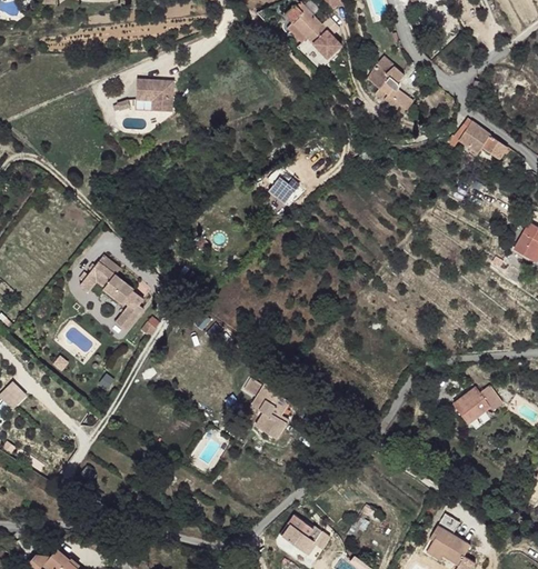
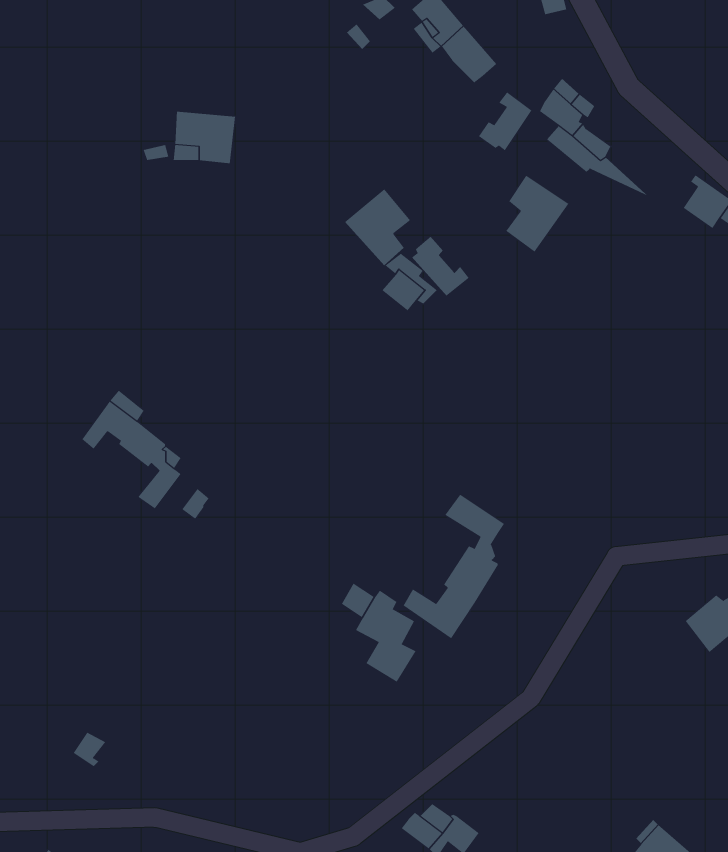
building: none -> [478,92,532,151]
building: none -> [506,175,569,253]
building: none -> [344,188,411,266]
building: none -> [411,236,470,296]
building: none -> [403,494,505,639]

